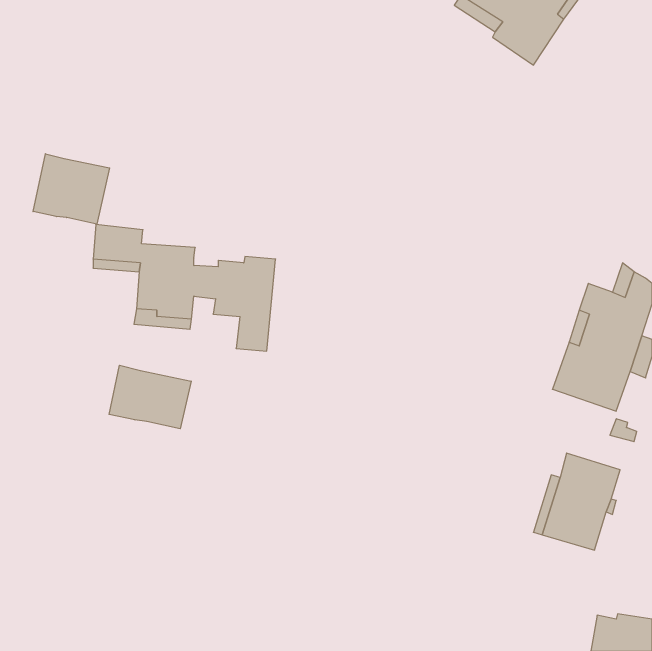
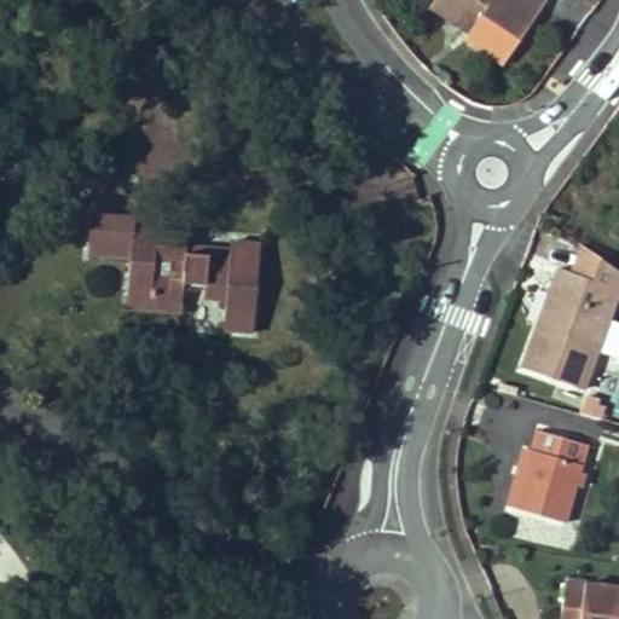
building: [33,154,110,224] -> none
building: [109,365,191,429] -> none

